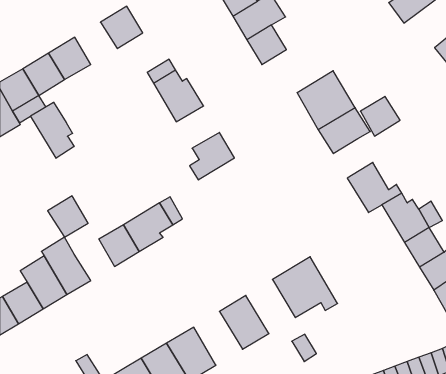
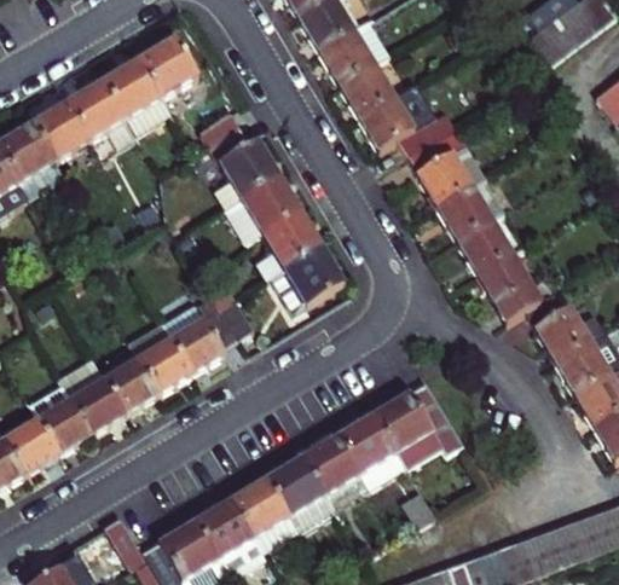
building: none -> [103,59,169,133]
building: none -> [359,97,441,156]
building: [360,96,400,136] -> [457,219,511,273]
building: [31,102,74,158] -> none
building: none -> [227,174,301,241]
building: none -> [276,245,343,309]
building: [48,196,88,237] -> [102,357,157,413]
building: none -> [337,412,405,486]
building: none -> [266,456,332,529]

